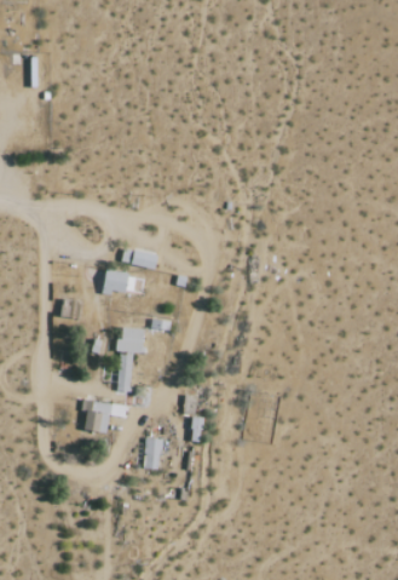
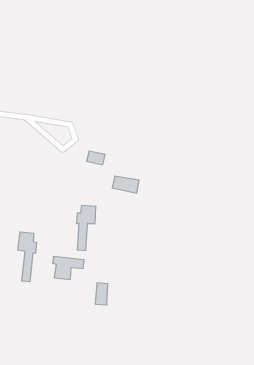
building: [103,270,142,294] -> [112,176,139,193]
building: none -> [18,232,36,282]

